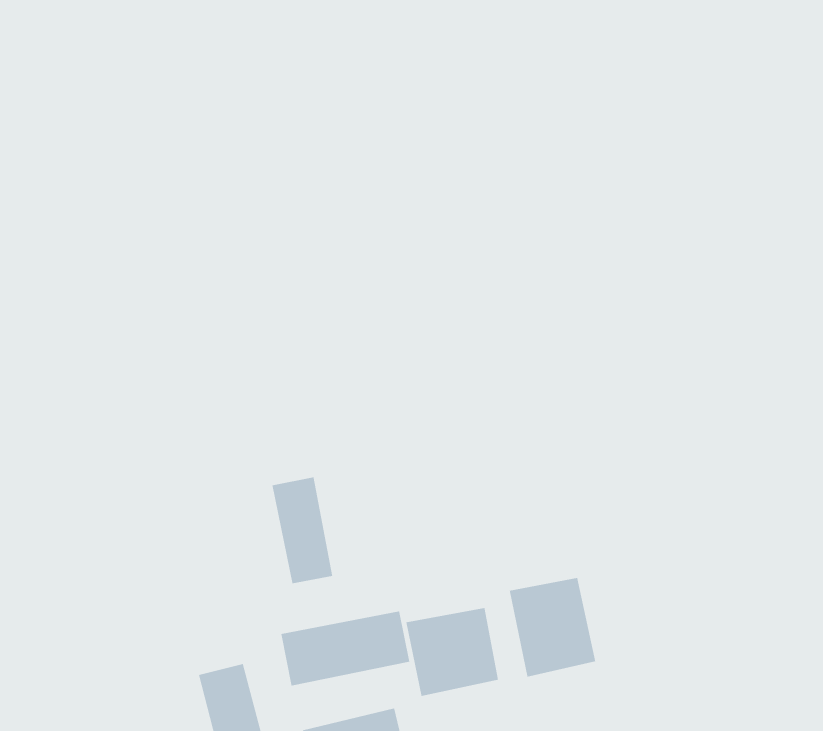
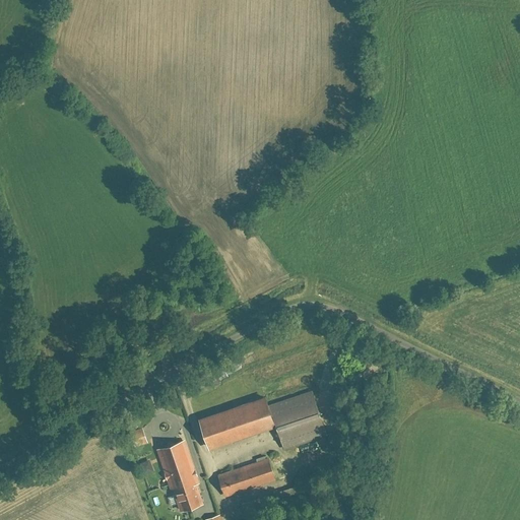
building: [272,476,333,584] -> none
building: [509,577,596,678] -> none

